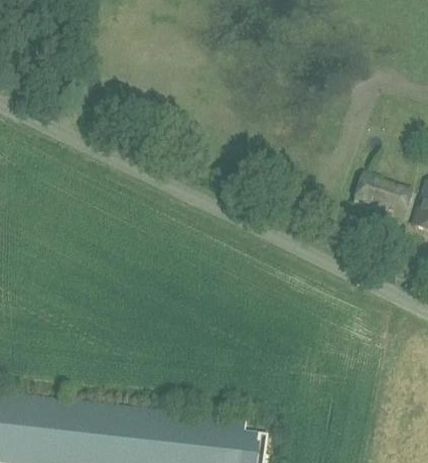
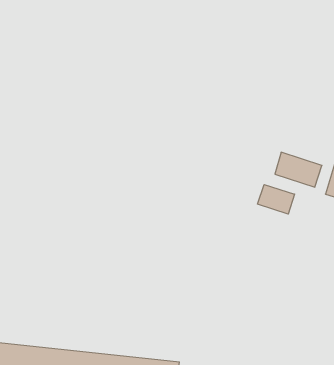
building: none -> [257,185,295,214]

